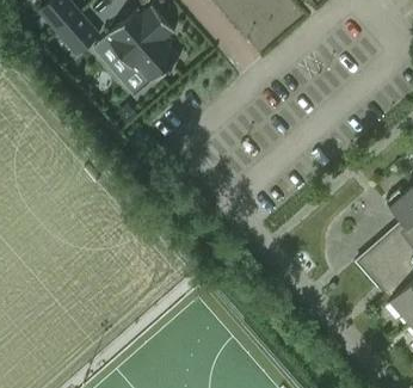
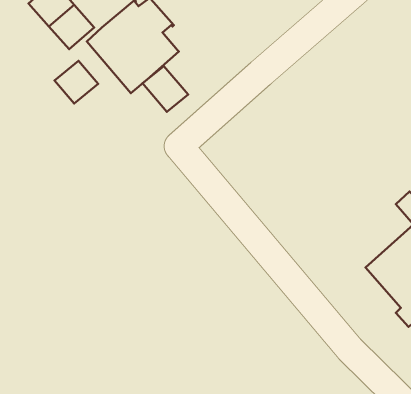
building: none -> [55,61,98,104]
building: none -> [143,66,188,112]

